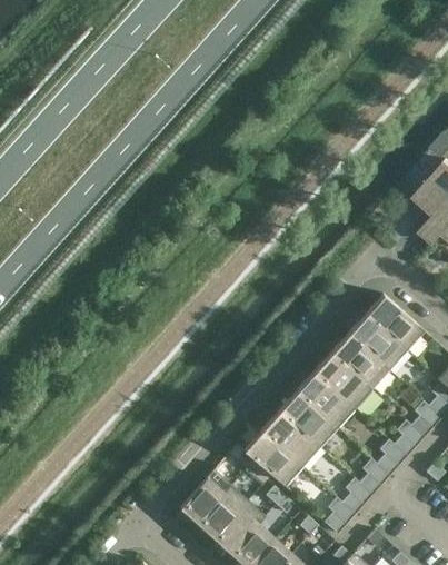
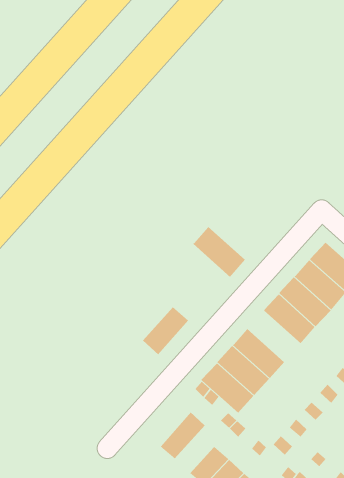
building: [295,373,355,430] -> [192,226,246,278]
building: [179,470,231,525] -> [142,307,189,355]
building: [213,502,265,555] -> none

